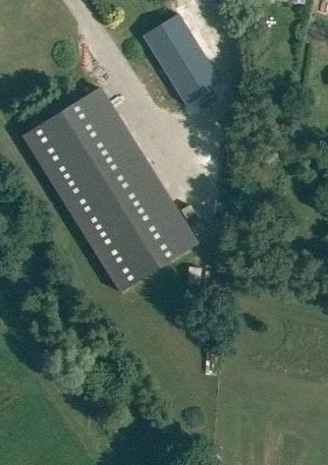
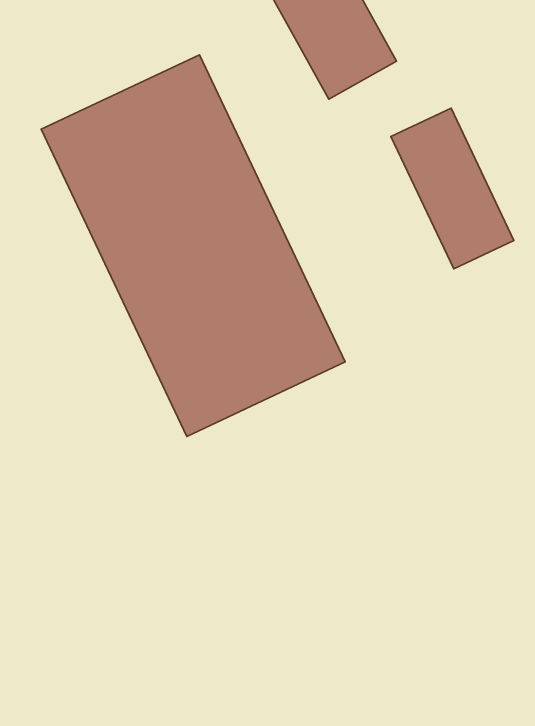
building: none -> [391,108,514,269]

